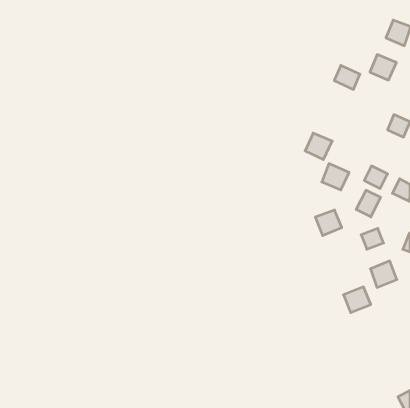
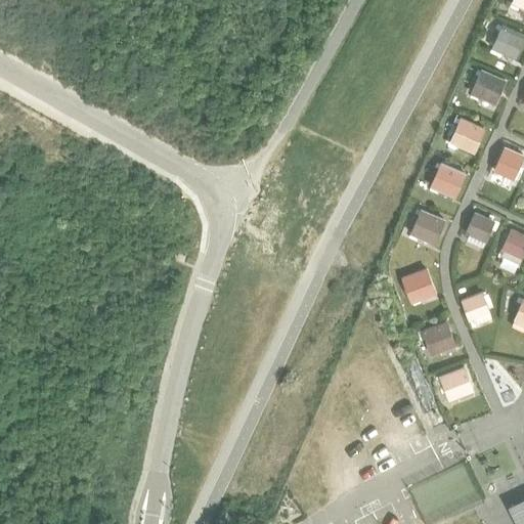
building: [334,65,360,89] -> [452,120,485,150]
building: [305,133,332,160] -> [431,165,466,199]
building: [356,190,380,217] -> none
building: [370,261,397,287] -> [422,322,455,356]

